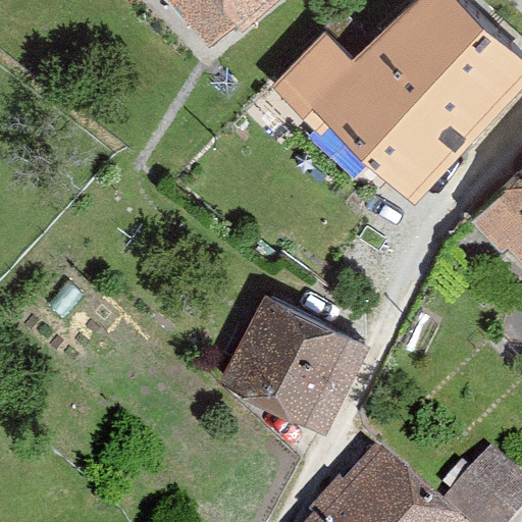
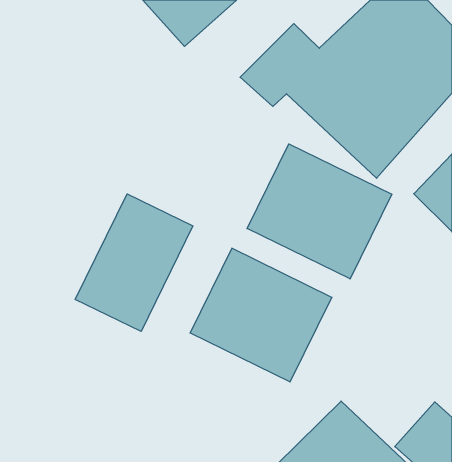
building: none -> [247,144,392,279]
building: none -> [75,194,193,331]

